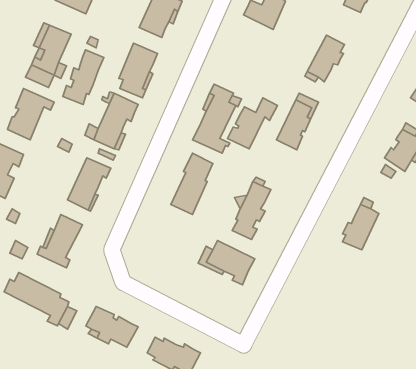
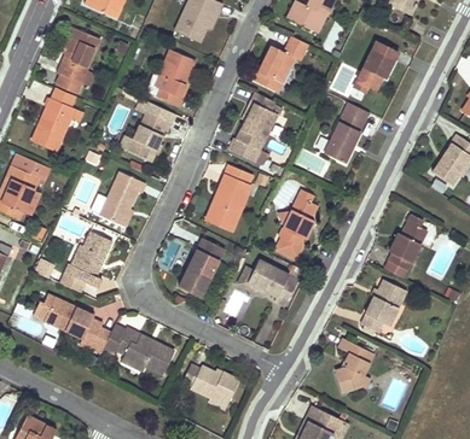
building: [63,50,104,104] -> none
building: [227,98,277,149] -> [253,37,306,92]
building: none -> [176,238,224,298]
building: none -> [362,279,407,332]
building: none -> [335,335,373,388]

